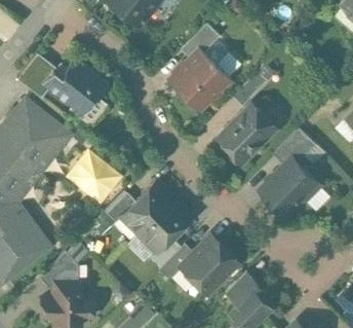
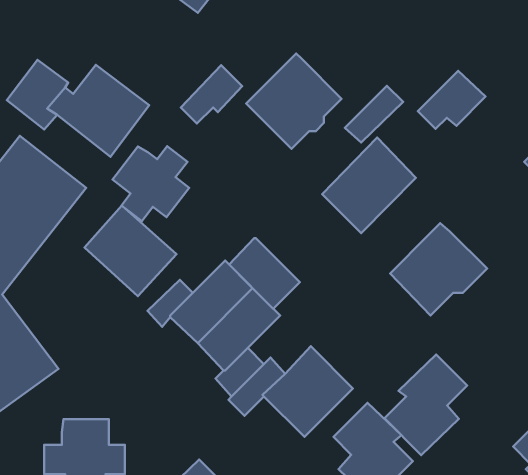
building: [180,24,219,61] -> [181,65,242,124]
building: none -> [112,146,189,221]
building: [273,129,316,166] -> [418,71,486,129]
building: none -> [229,238,300,309]
building: none -> [384,355,467,455]
building: [38,252,77,291] -> none

